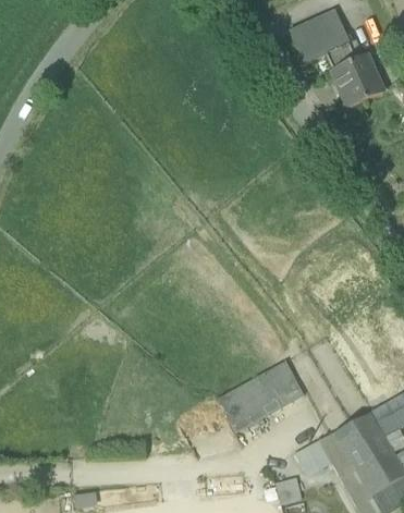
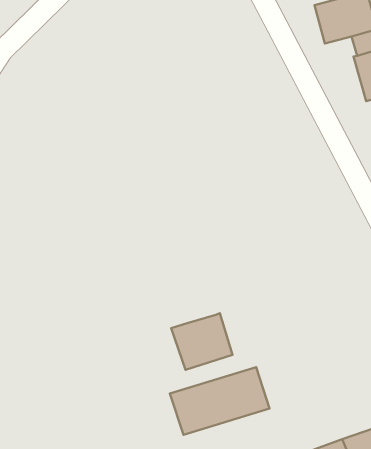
building: none -> [171,313,232,370]

